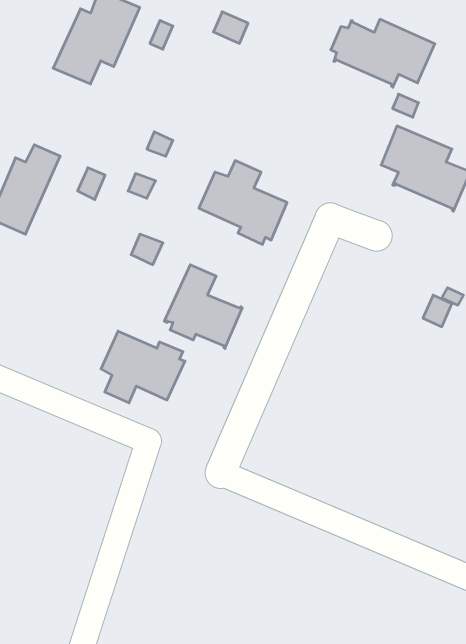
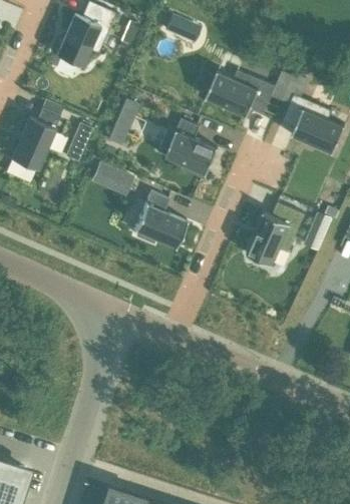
building: [331,19,435,87] -> [204,70,276,117]
building: none -> [247,203,305,266]
building: [101,331,185,403] -> none

